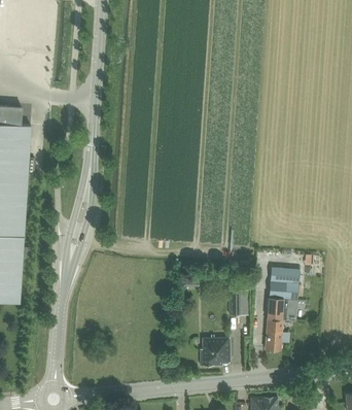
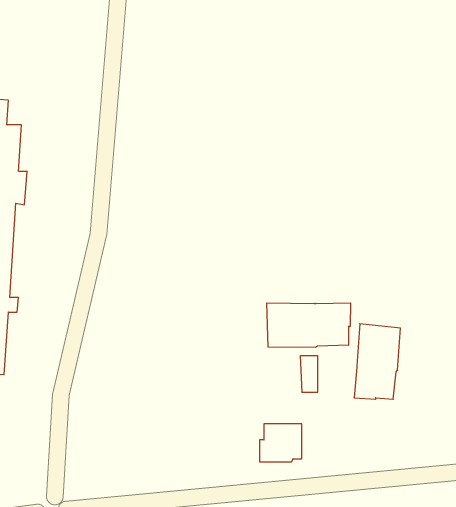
building: none -> [267,303,350,347]
building: [265,319,282,351] -> none

